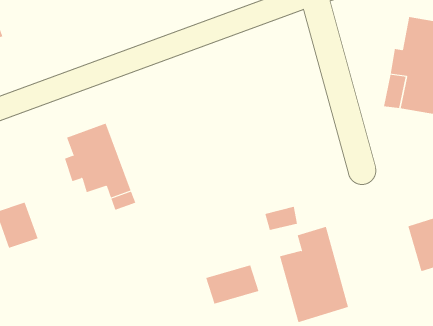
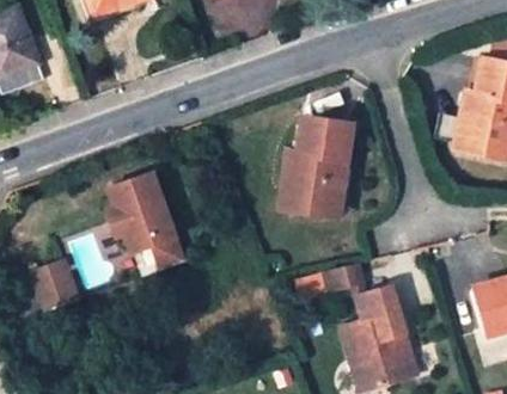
building: none -> [286,119,354,220]
building: [205,265,259,304] -> none

